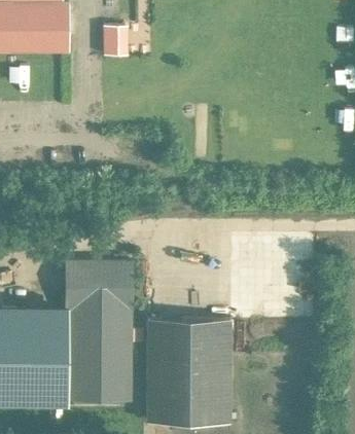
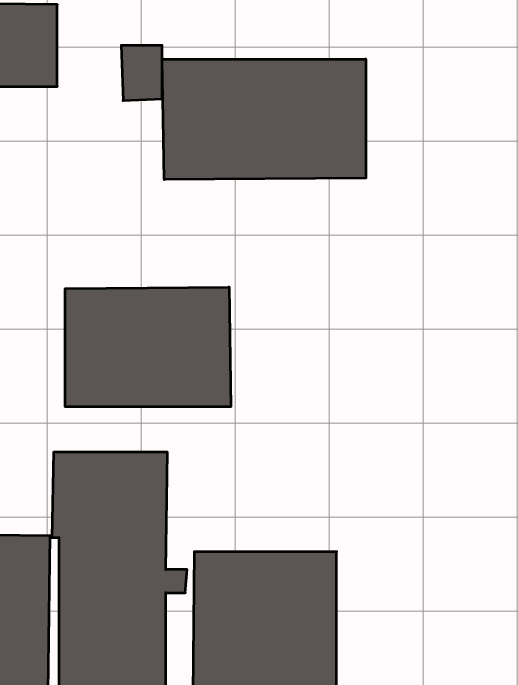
building: none -> [162,59,366,180]
building: none -> [65,287,231,407]

